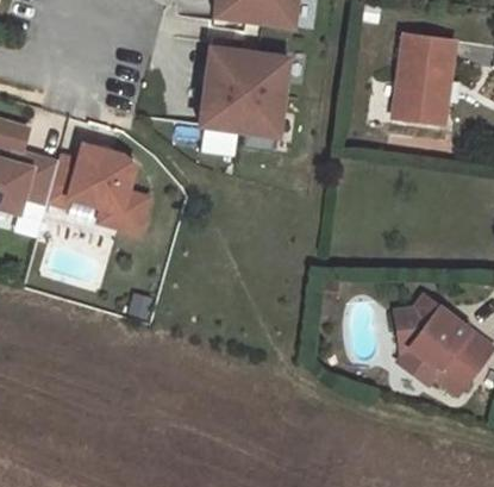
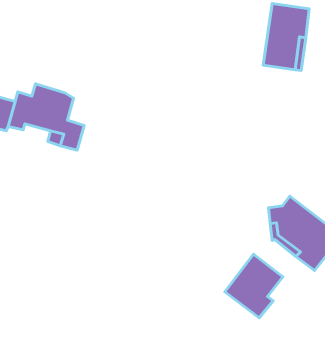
building: [200,46,288,136] -> none
building: none -> [225,254,283,318]

